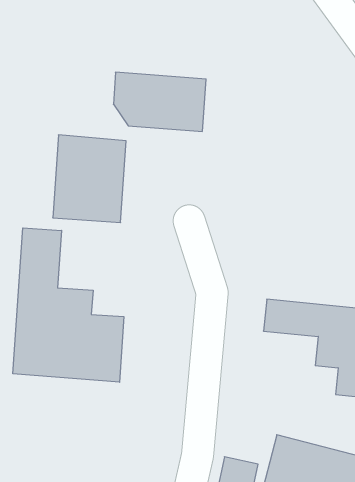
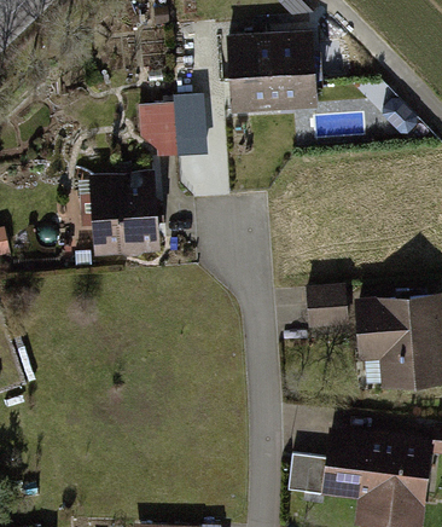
building: none -> [228,34,319,109]
building: [13,228,124,382] -> none

